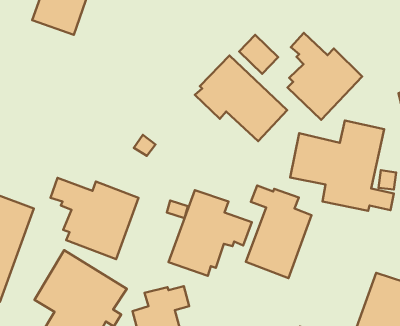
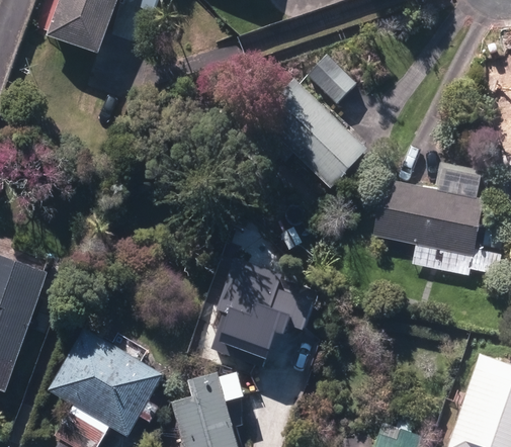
building: [288,33,362,120] -> none
building: [51,178,138,259] -> none
building: [246,186,312,278] -> none

